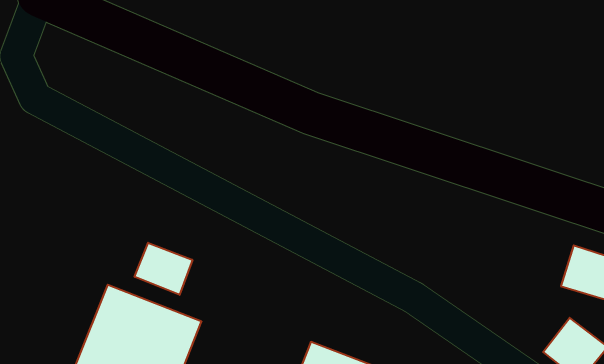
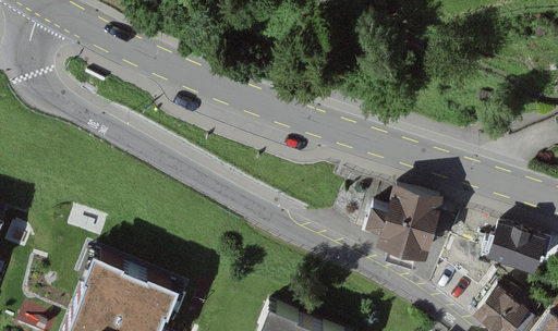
building: none -> [368,186,442,256]
building: [135,243,192,295] -> none

